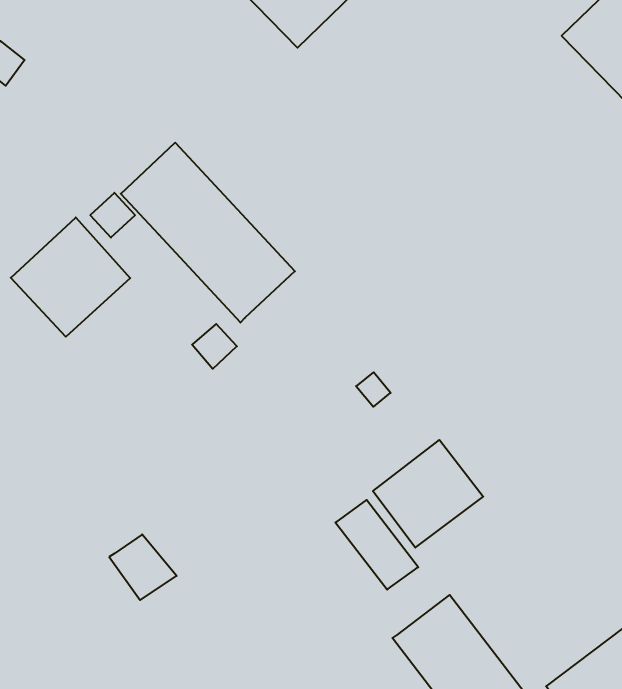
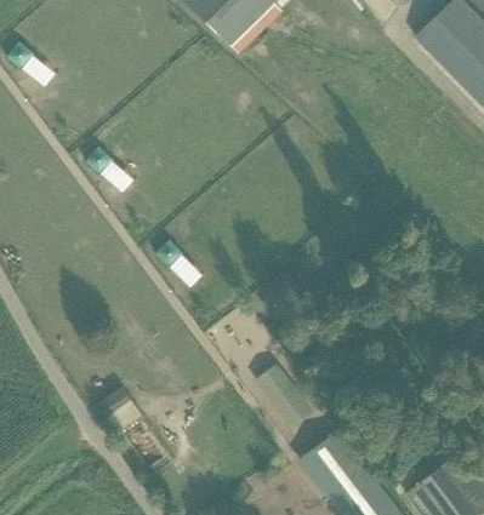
building: [121,143,295,323] -> none
building: [11,217,130,337] -> none
building: [373,440,483,548] -> none

